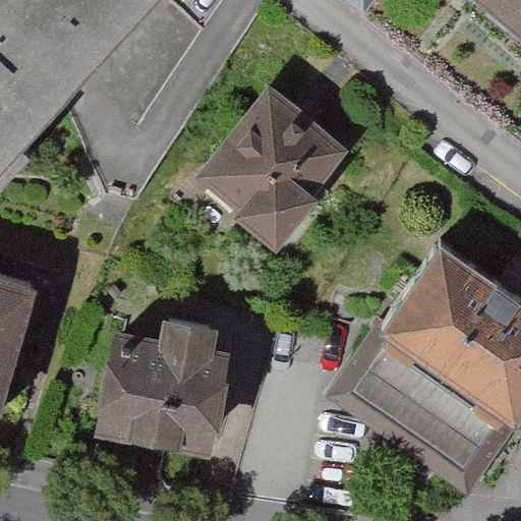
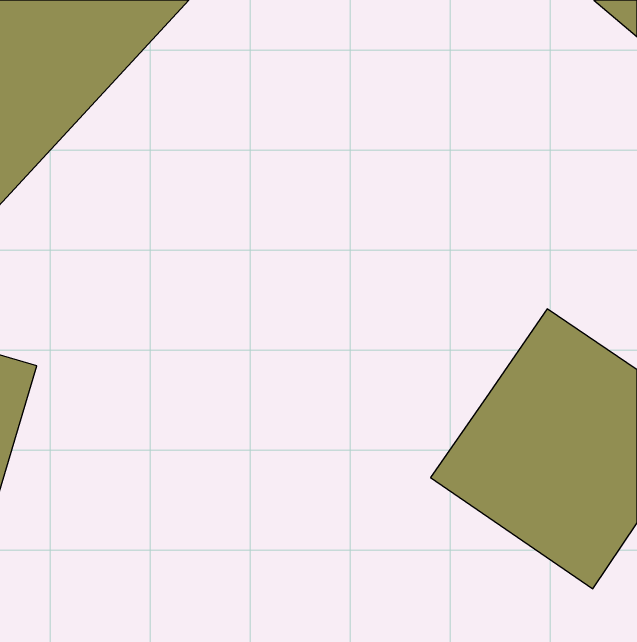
building: [204,107,336,238] -> none
building: [99,313,233,446] -> none

